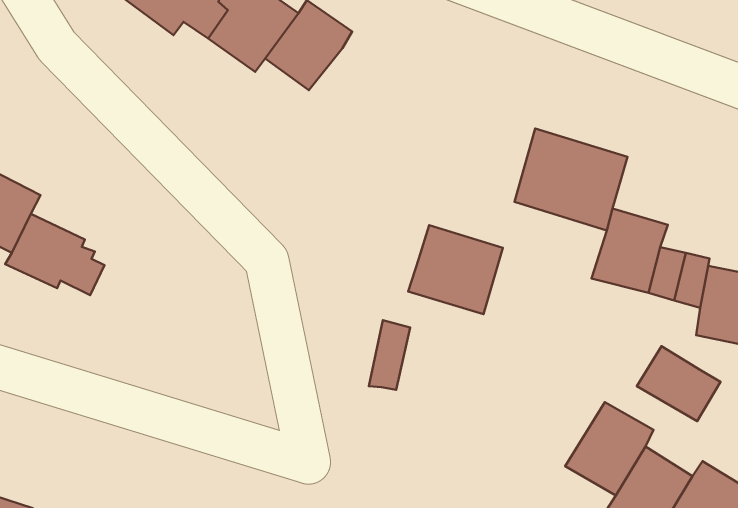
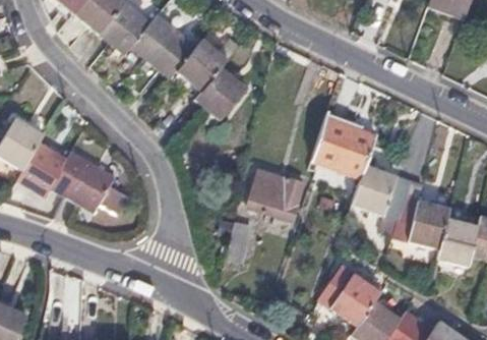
building: none -> [193,65,244,116]
building: none -> [65,153,130,213]
building: [637,346,720,421] -> none

